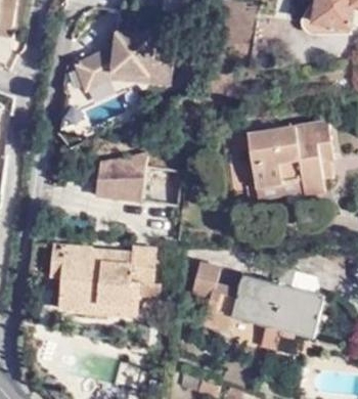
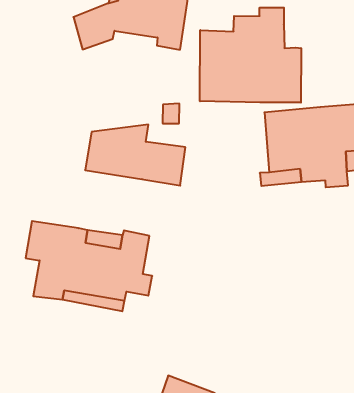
building: none -> [200,8,301,103]
building: [191,263,323,346] -> none

